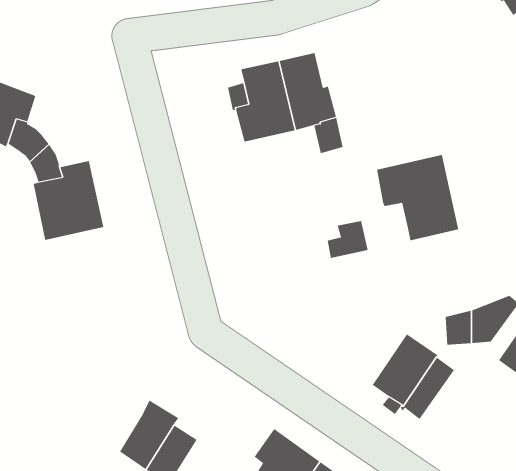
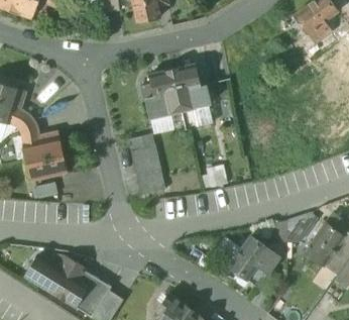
building: [376,154,459,241] -> none
building: none -> [133,146,164,195]
building: none -> [28,255,90,307]

